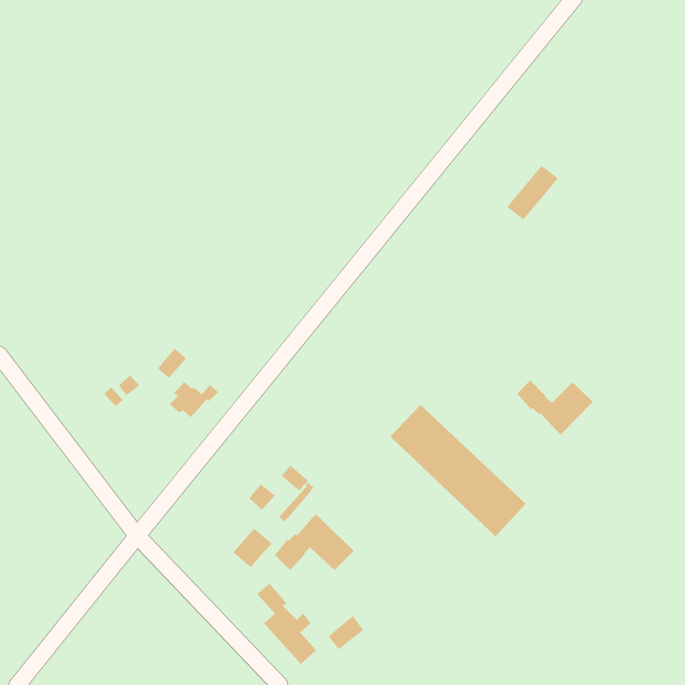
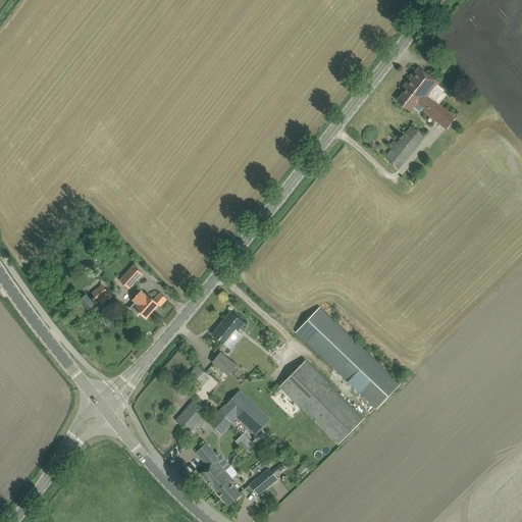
building: none -> [397,67,454,127]
building: [517,379,594,435] -> none
building: none -> [212,312,244,349]
building: none -> [279,360,364,443]

